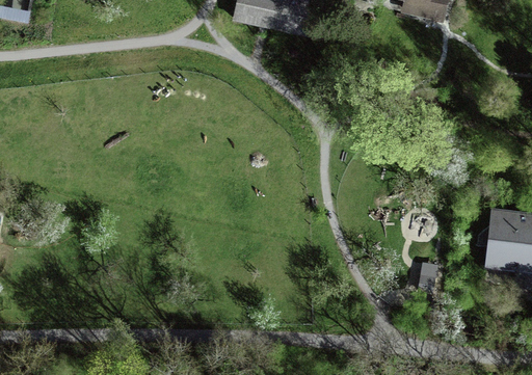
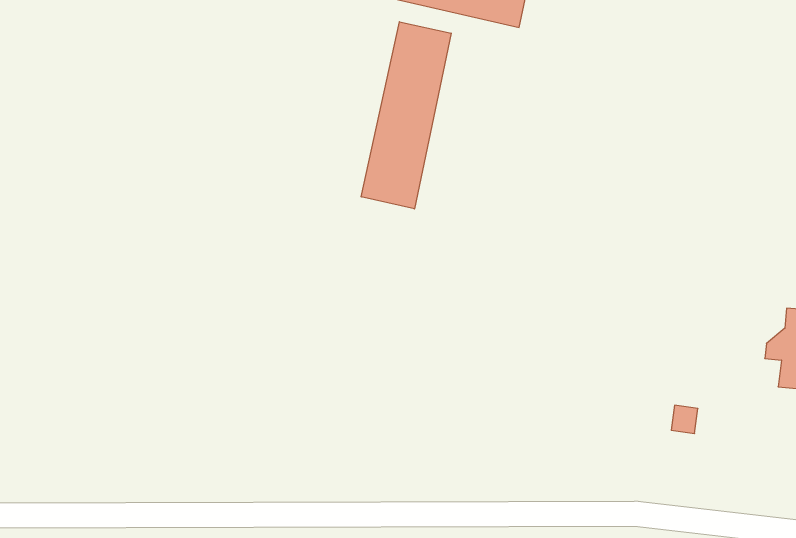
building: none -> [361,22,451,209]

